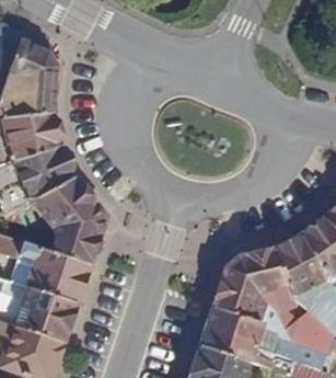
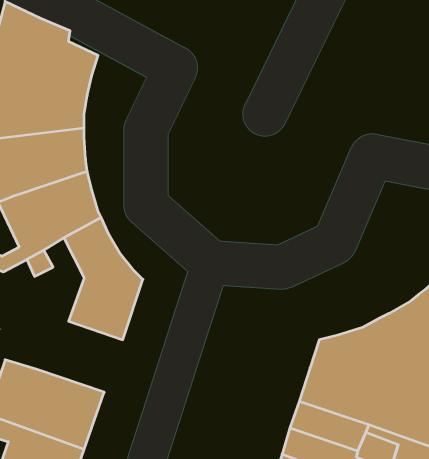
building: [22,240,91,299] -> none

